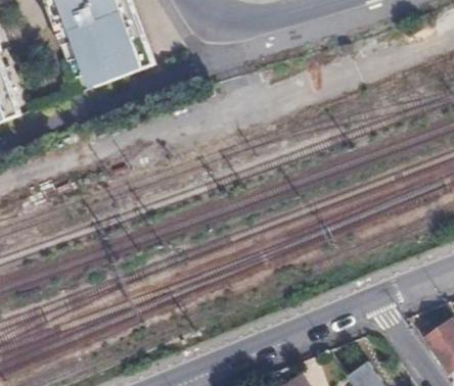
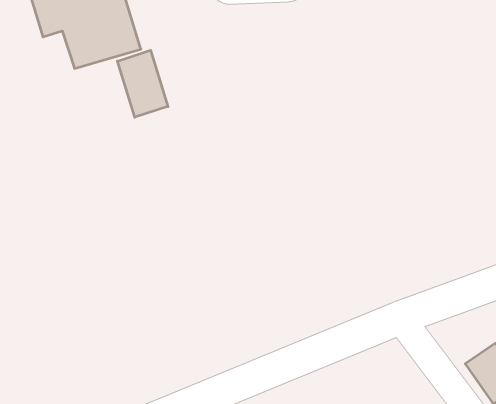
building: none -> [117,50,168,117]

